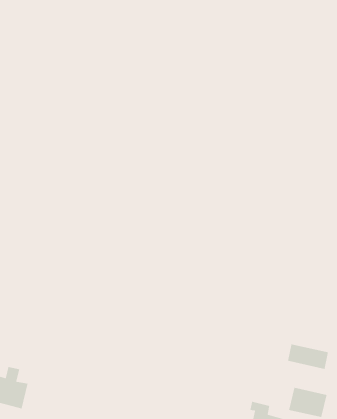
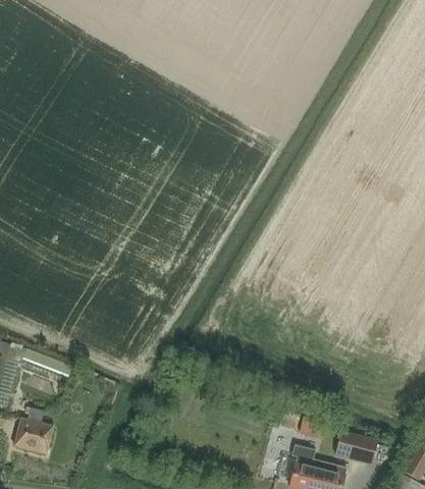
building: [287,343,329,370] -> none

